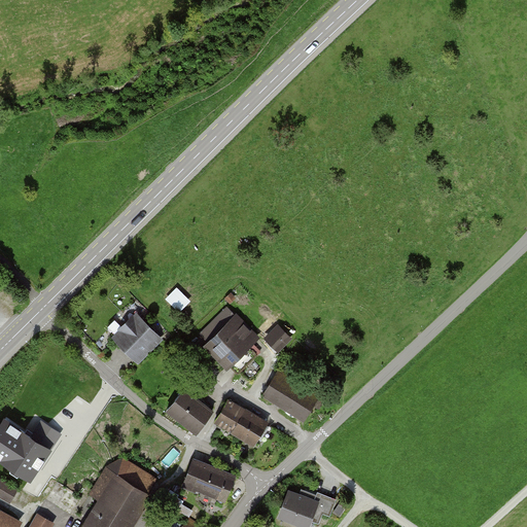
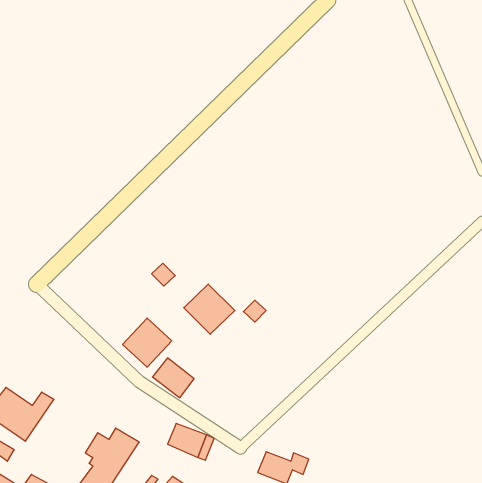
building: [110,309,164,362] -> [123,318,172,367]
building: [265,372,322,417] -> none
building: [215,402,266,446] -> none

